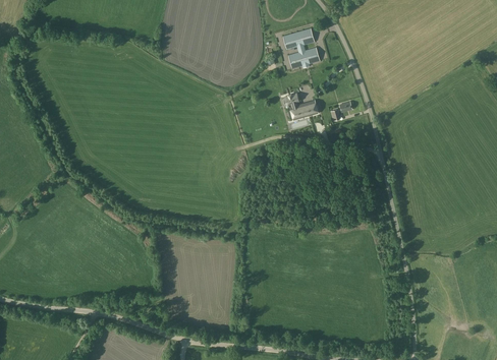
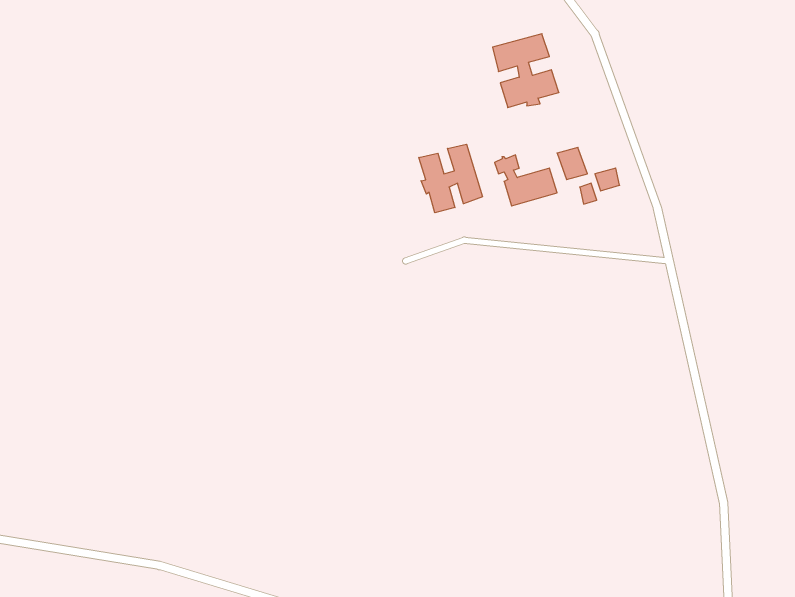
building: none -> [419,144,483,213]

